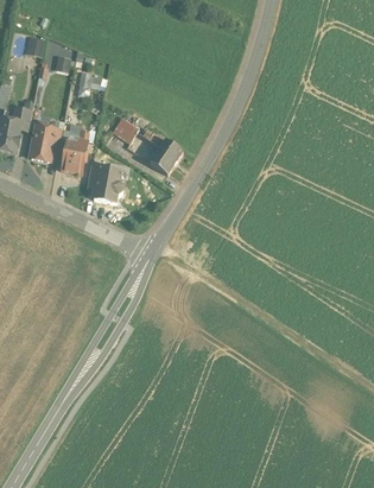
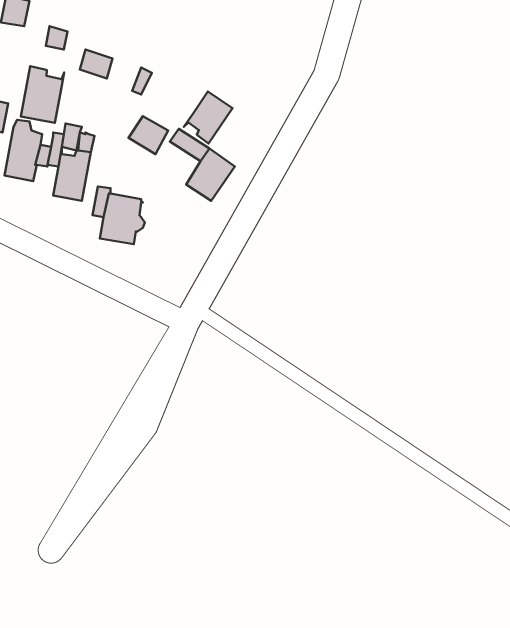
building: none -> [21,66,64,123]
building: none -> [184,91,233,144]

